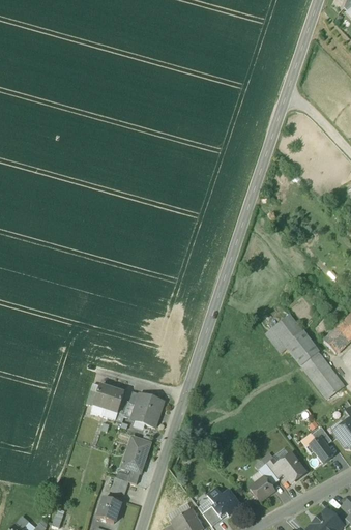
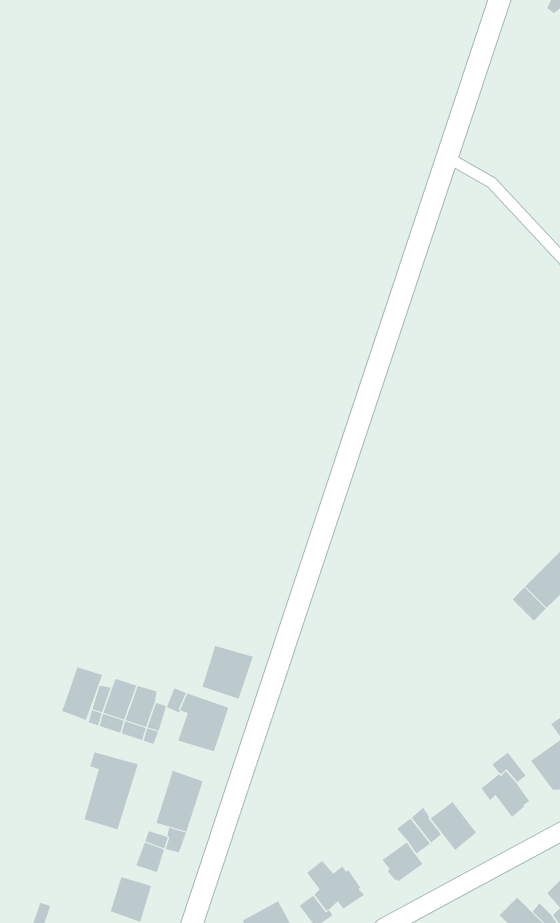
building: [265,313,344,398] -> none
building: none -> [202,645,253,700]
building: none -> [62,667,103,721]
building: none -> [84,751,139,830]

